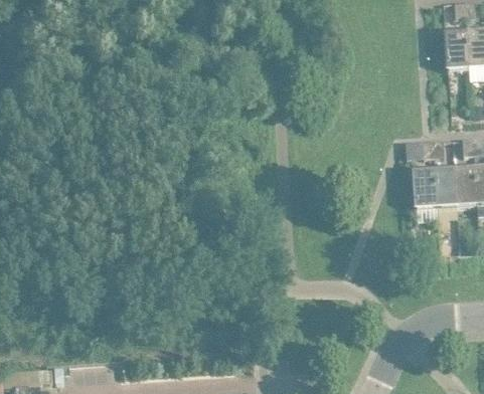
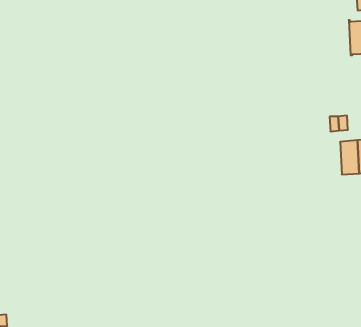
building: [413,168,437,209] -> none

